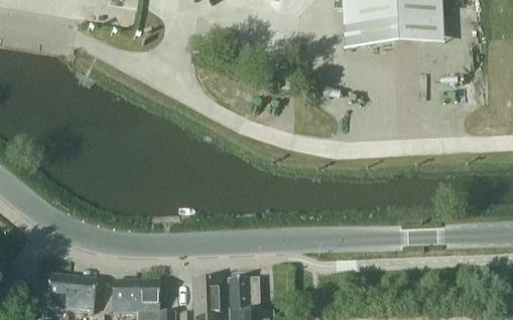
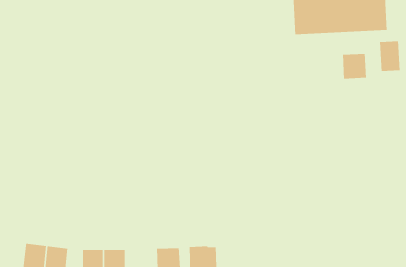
building: none -> [379,41,400,72]
building: none -> [342,53,367,79]

